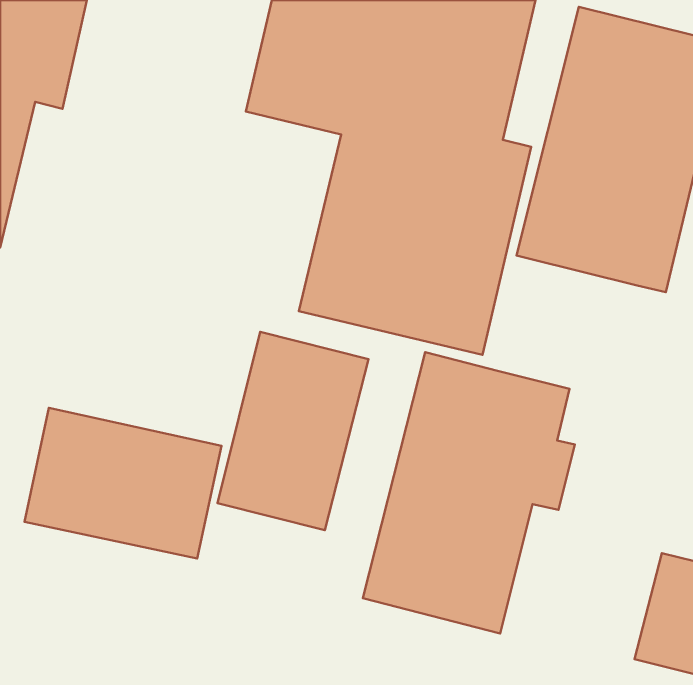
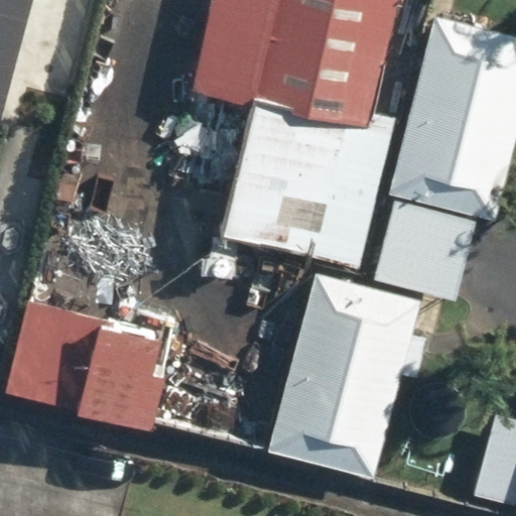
building: none -> [371,201,473,301]
building: [218,332,369,530] -> none

